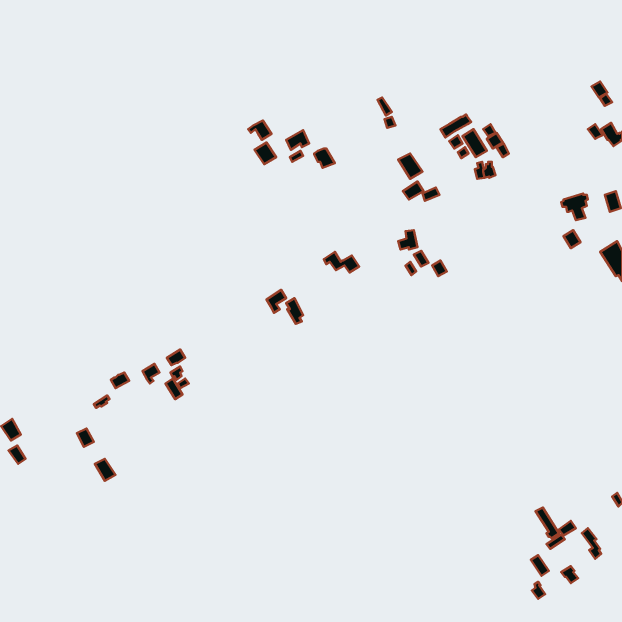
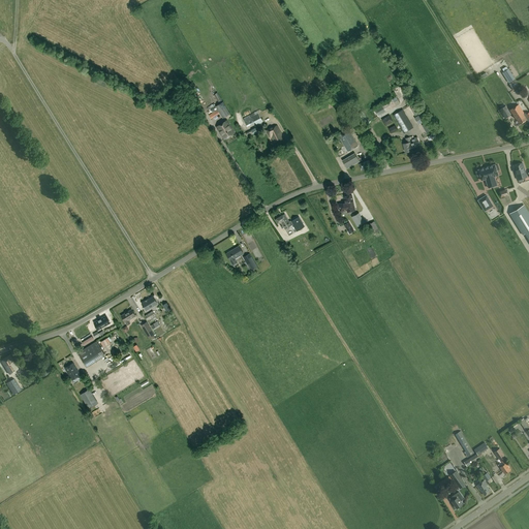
building: none -> [77,341,105,367]

